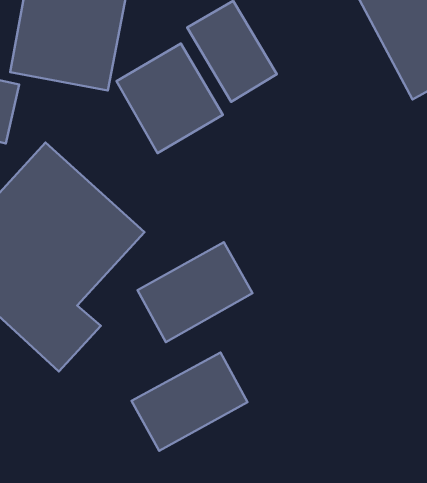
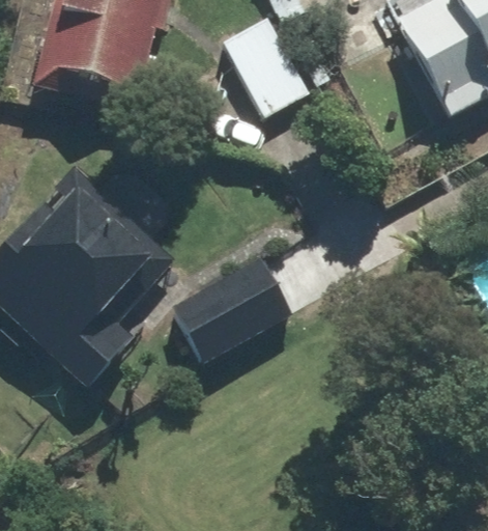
building: [116,44,223,153] -> none
building: [131,353,248,451] -> none

